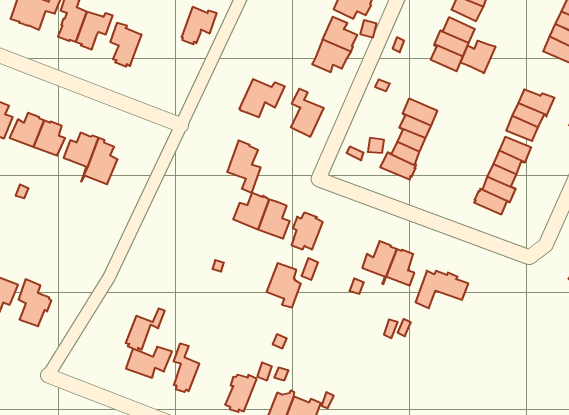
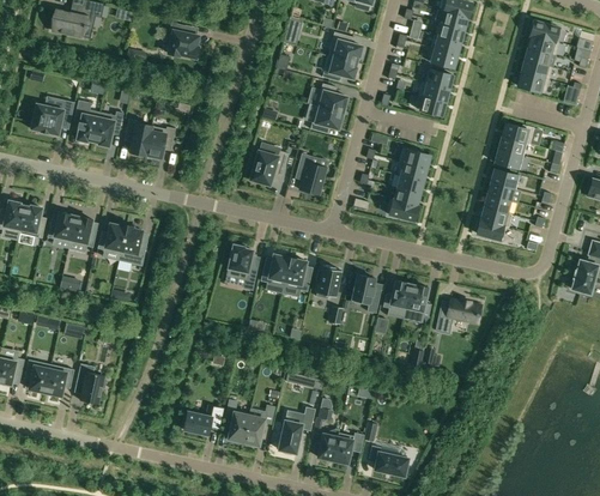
building: [181,7,217,44] -> [146,126,175,159]
building: [460,41,495,73] -> none
building: [227,140,261,193] -> [228,244,257,290]
building: [267,263,301,308] -> [351,274,381,313]
building: [126,308,165,350] -> [243,406,274,447]

